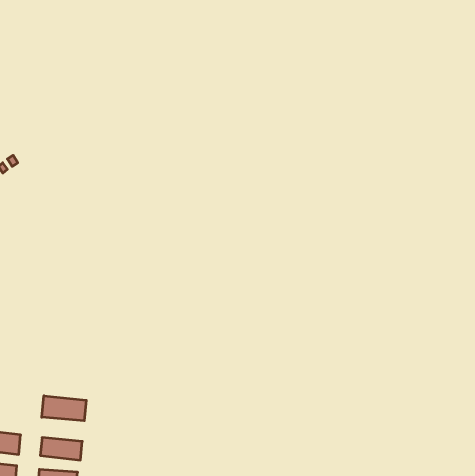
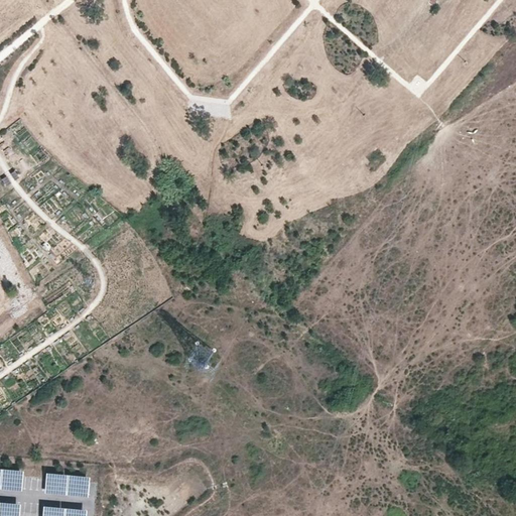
building: [42,396,86,421] -> none

